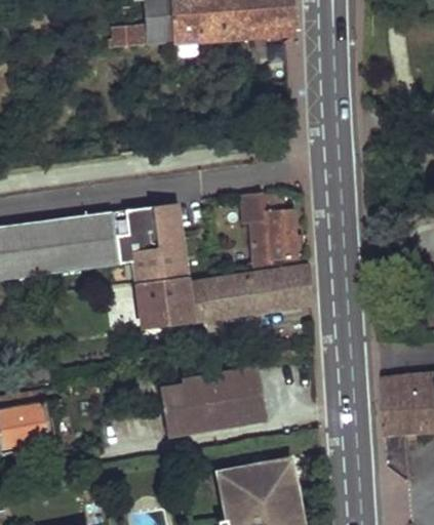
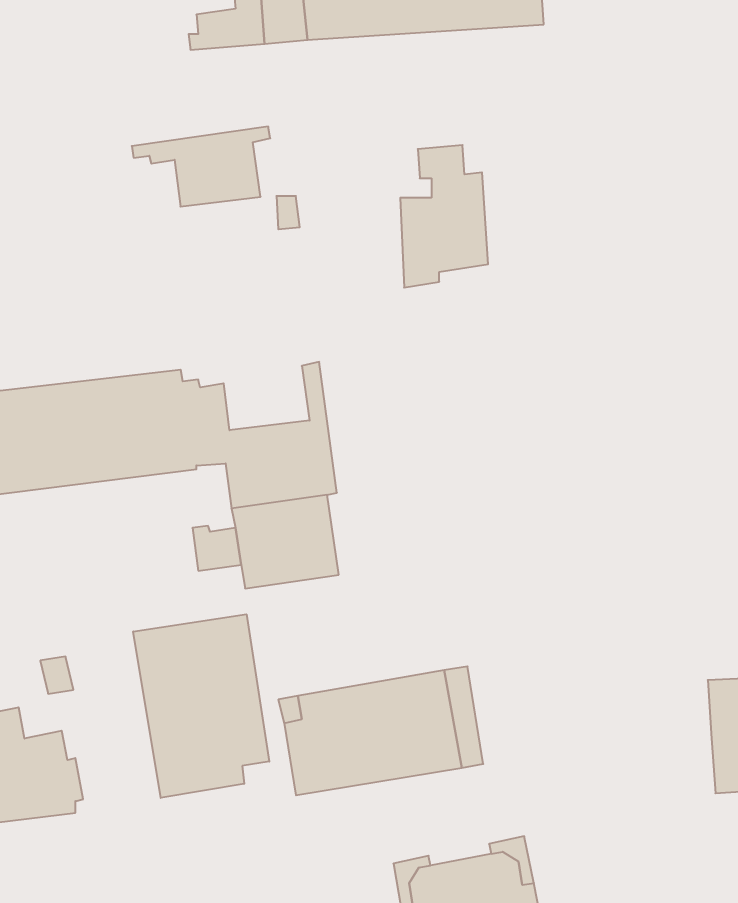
building: [250,194,297,269] -> [400,145,488,288]
building: [105,203,177,245] -> [132,127,270,207]
building: [183,267,311,321] -> none
building: none -> [133,614,269,798]

